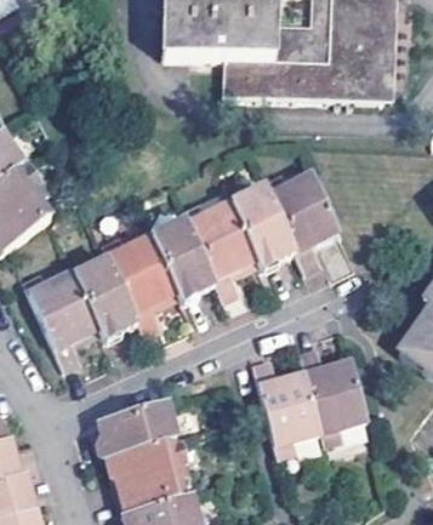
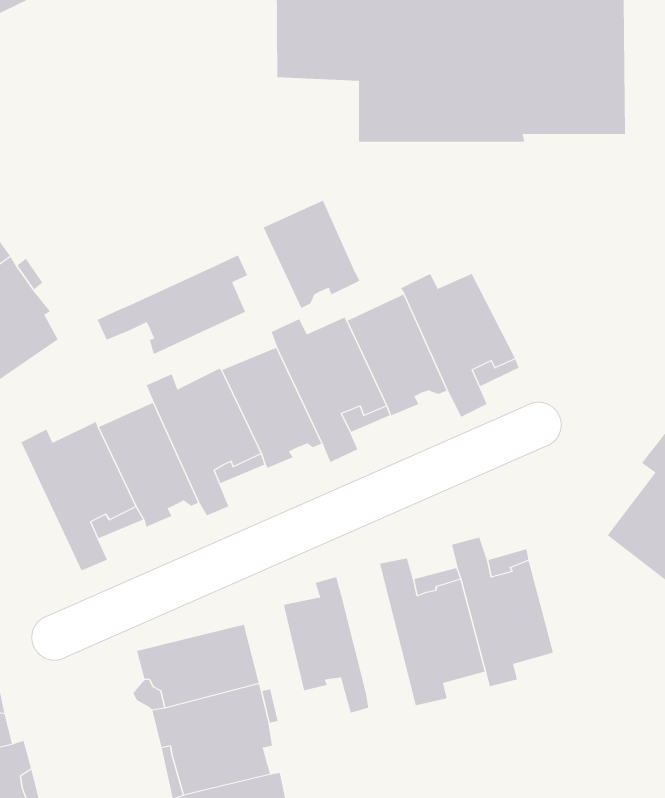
building: none -> [263,200,360,309]
building: none -> [97,255,248,355]
building: none -> [284,576,369,714]

